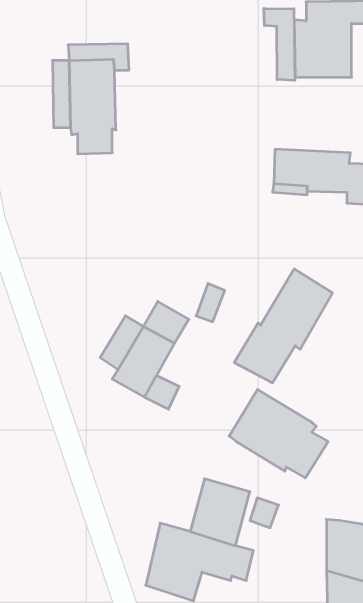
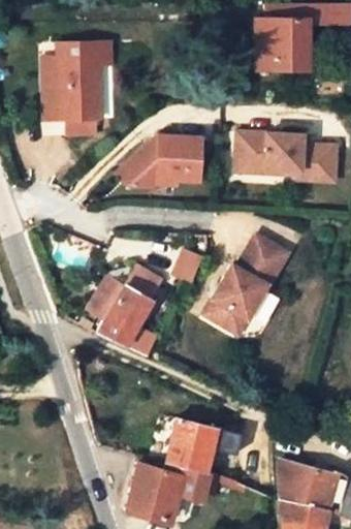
building: [264,8,295,80] -> none
building: none -> [114,136,199,192]
building: [229,389,328,478] -> none

